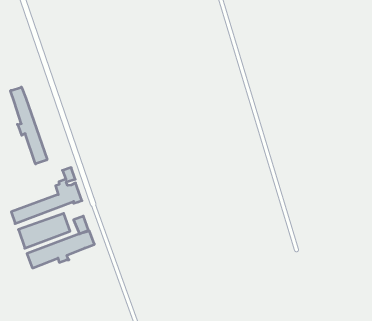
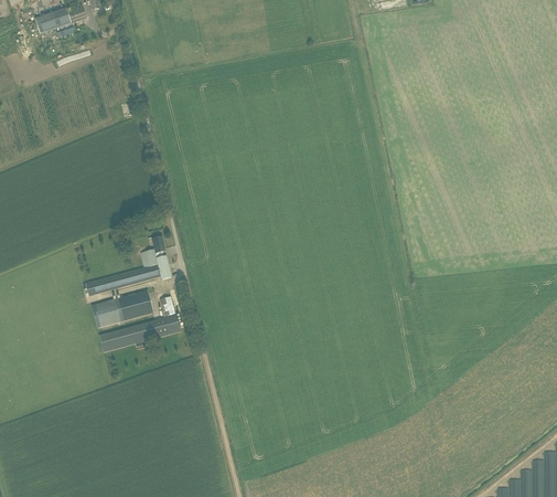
building: [10,87,47,164] -> none

